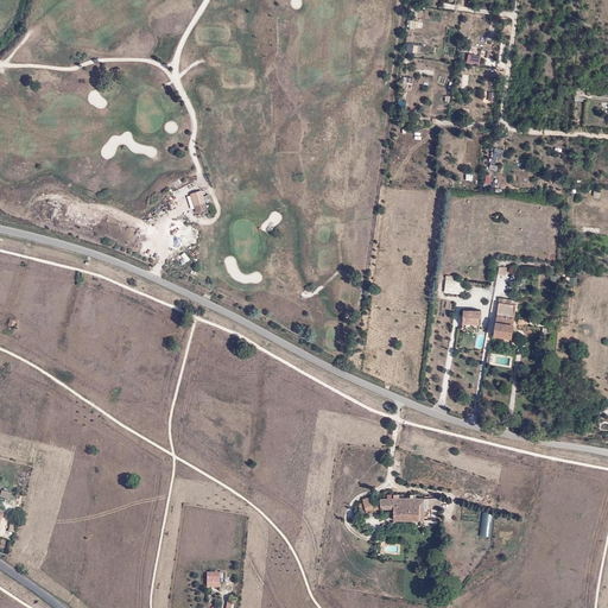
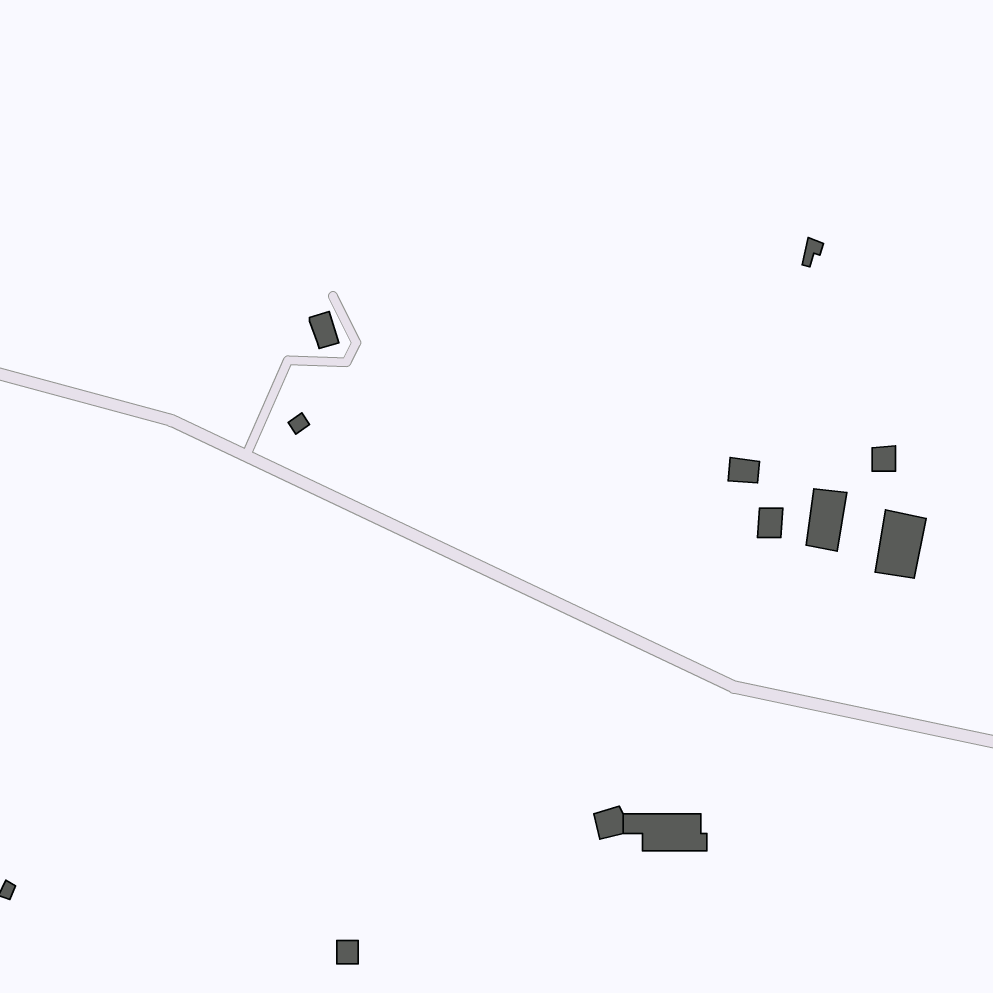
building: none -> [875,510,926,578]

